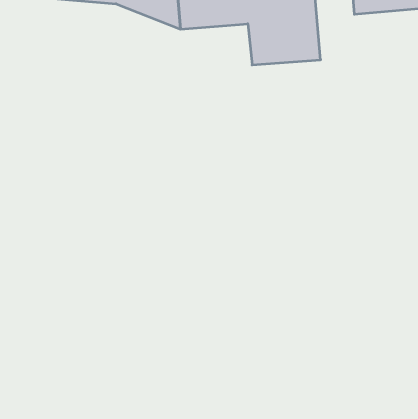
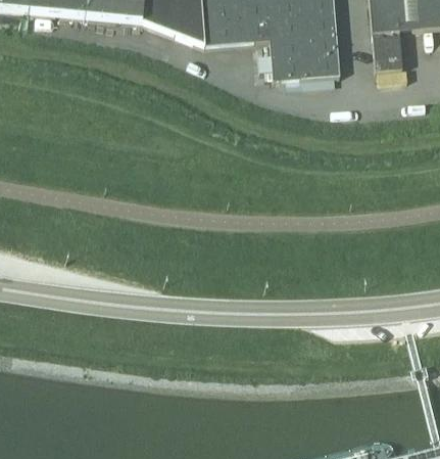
building: none -> [373,35,402,71]

